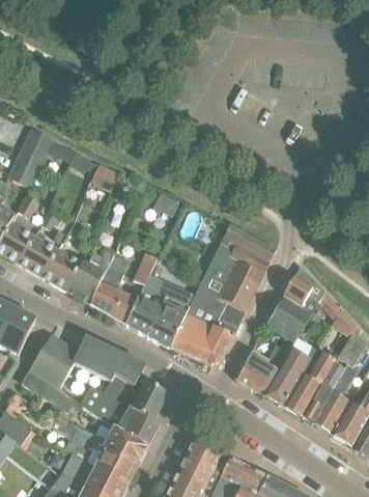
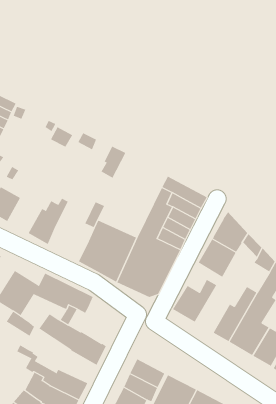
building: [42,249,82,291] -> none
building: [90,253,137,324] -> none
building: [262,337,317,408] -> none
building: [132,381,167,420] -> none
building: [67,421,147,467] -> none

